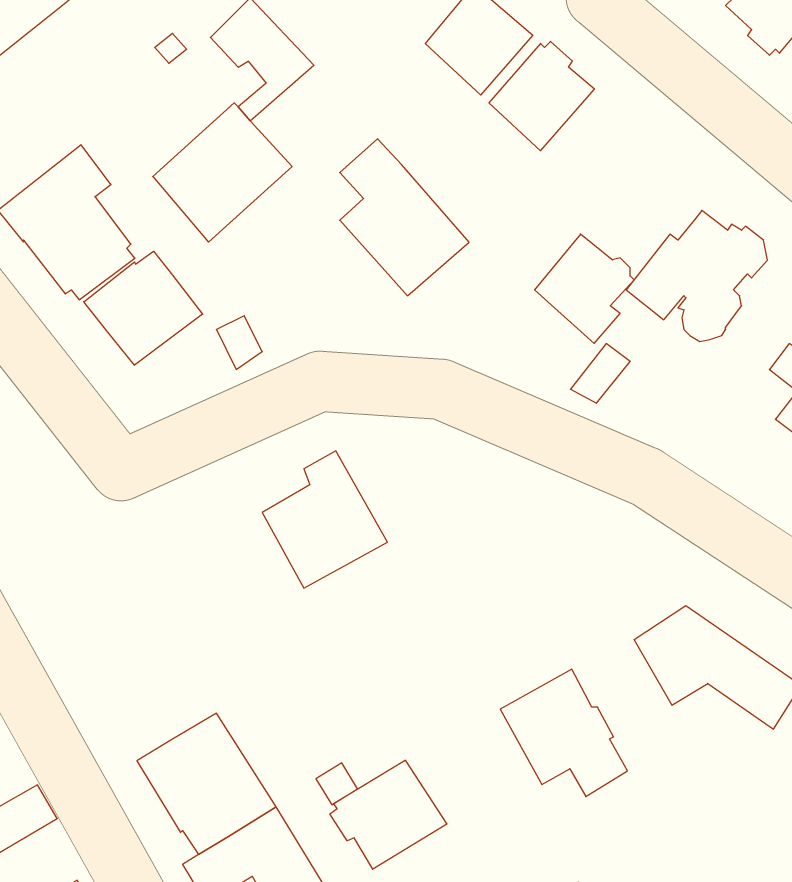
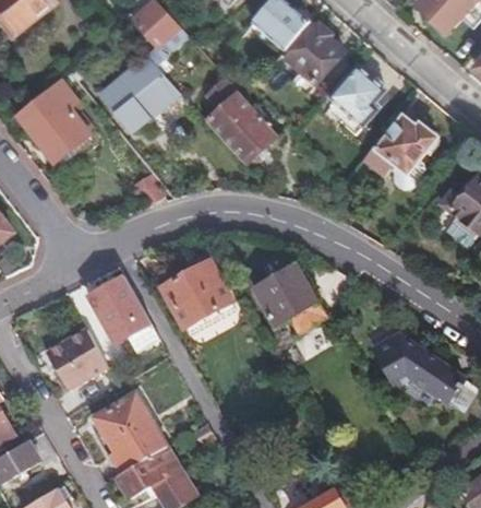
building: [535,234,634,343] -> [332,66,386,126]
building: [84,251,203,365] -> none
building: none -> [88,275,159,352]
building: none -> [46,328,110,390]
building: [500,669,627,797] -> [251,259,321,329]
building: [330,760,447,869] -> none

